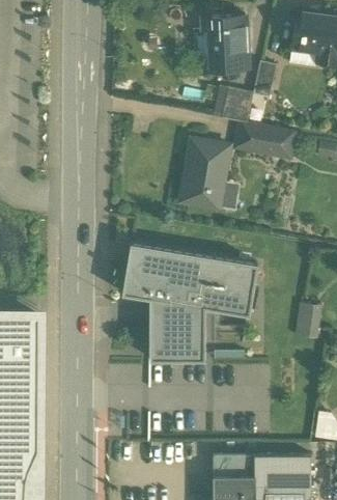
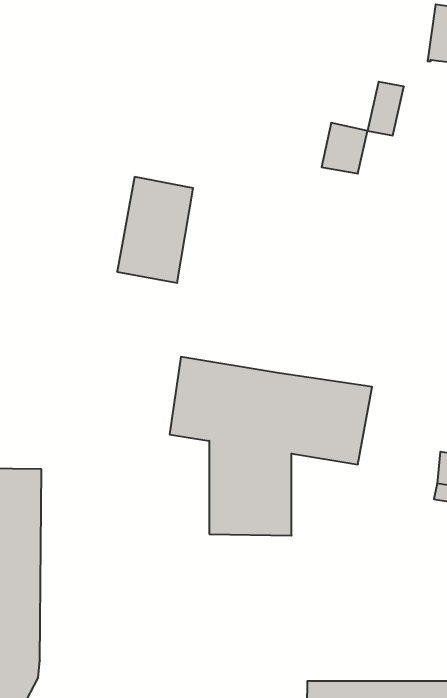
building: [203,17,246,72] -> none
building: [234,122,294,157] -> none
building: [179,140,229,210] -> [117,177,193,283]

